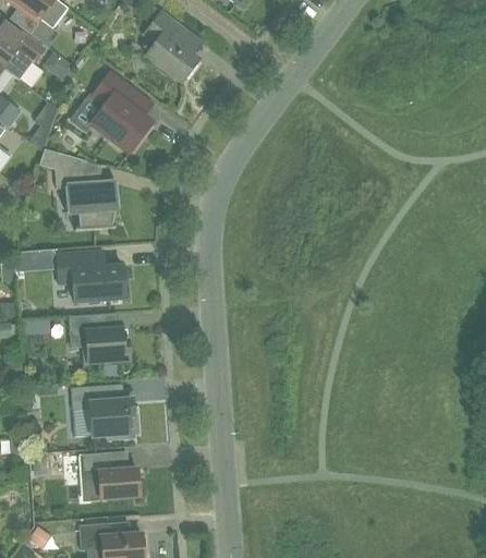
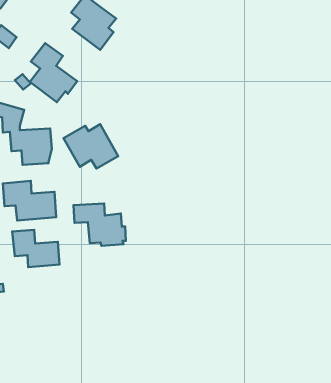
building: none -> [64,124,118,168]
building: [70,384,137,438] -> [74,204,126,246]
building: [80,451,137,498] -> none

